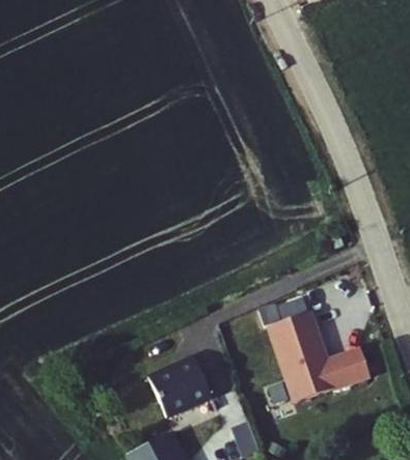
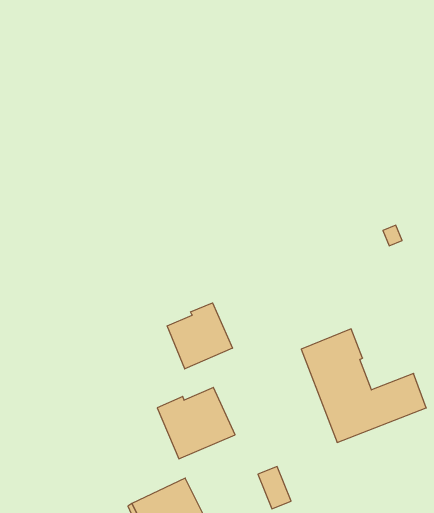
building: none -> [167,303,232,369]

